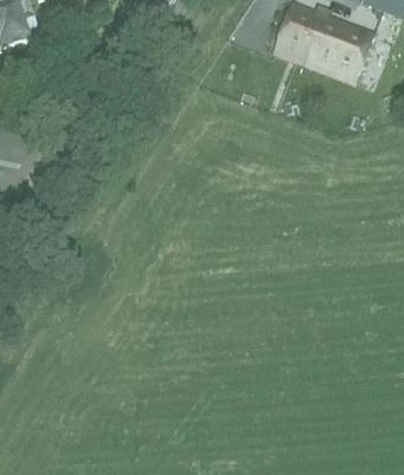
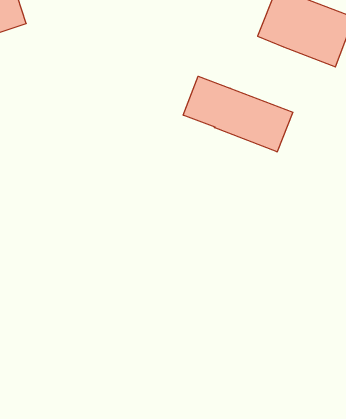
building: none -> [183,76,293,152]

